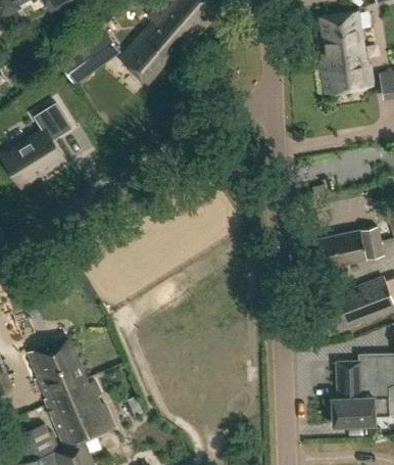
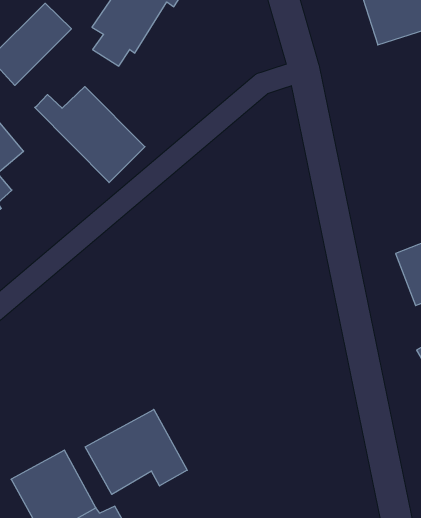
building: none -> [35,87,145,183]
building: none -> [85,409,187,494]

